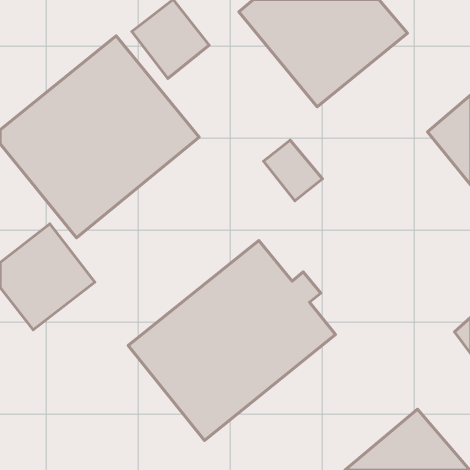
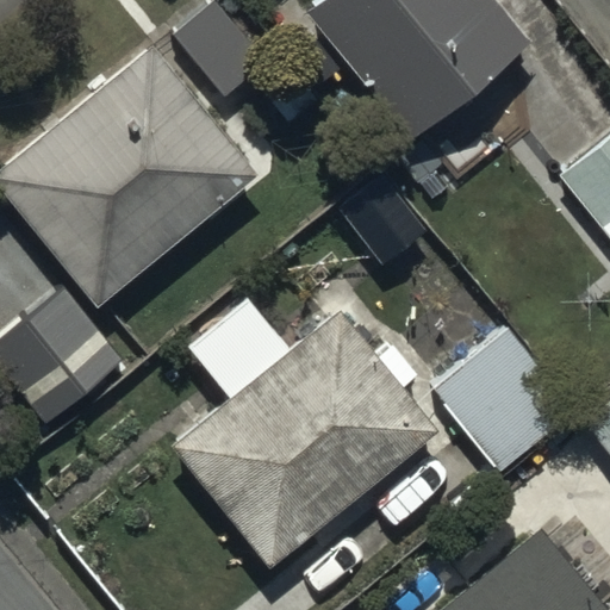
building: none -> [430,328,574,474]

